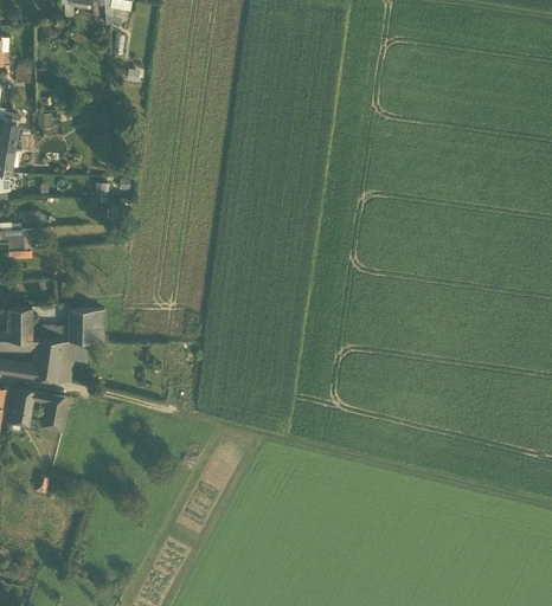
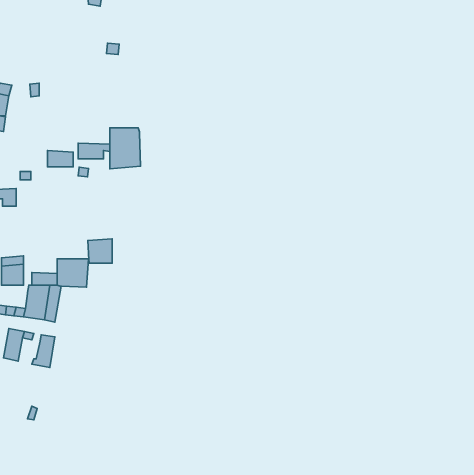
building: none -> [110,128,140,169]
building: none -> [47,150,73,167]
building: none -> [88,239,112,263]

